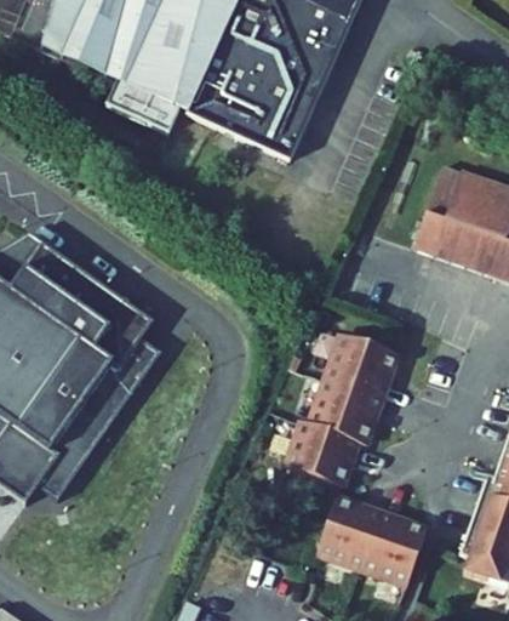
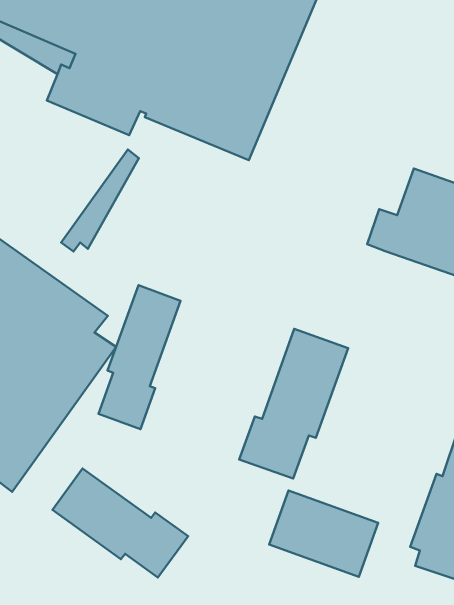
building: none -> [61,149,139,252]
building: none -> [98,285,181,429]
building: none -> [52,468,188,578]

